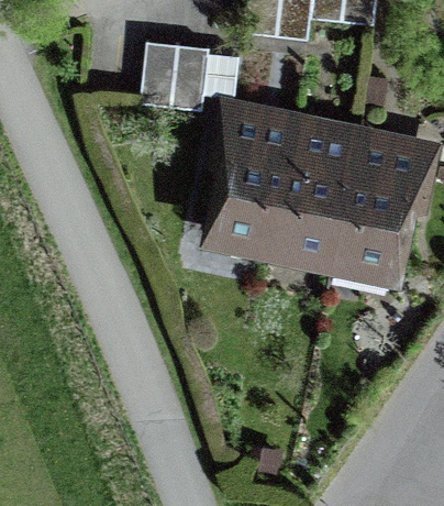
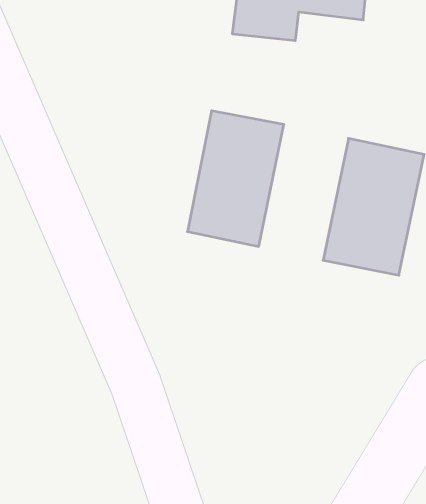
building: [140,38,212,105] -> none
building: [273,124,358,254] -> none

